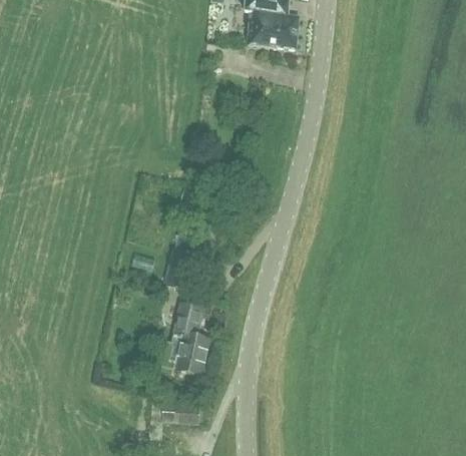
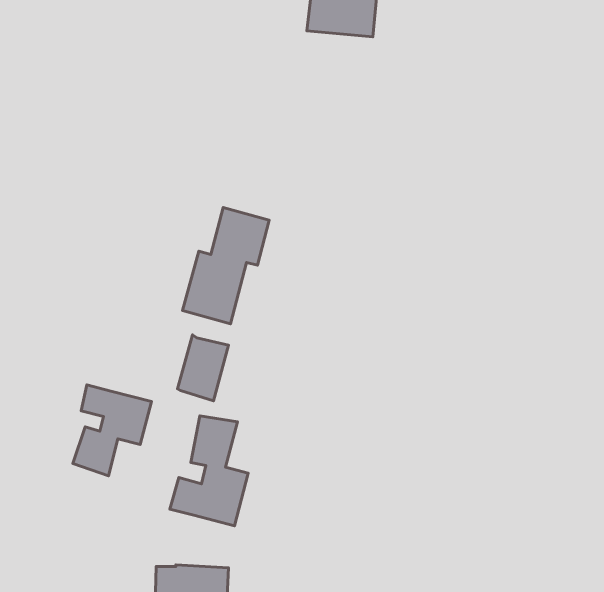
building: none -> [182,208,269,324]
building: none -> [73,385,151,476]

